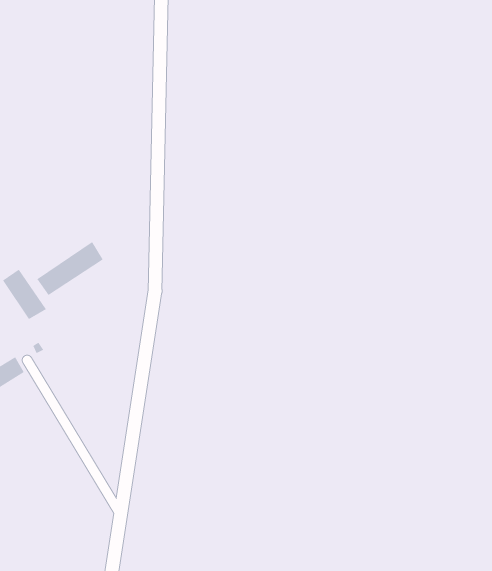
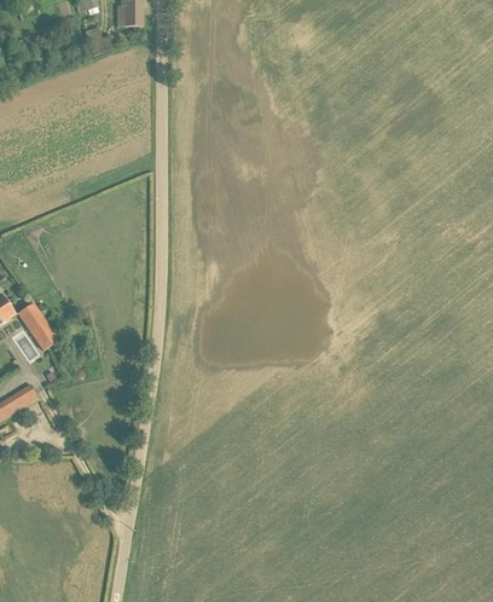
building: [37,241,104,296] -> none

